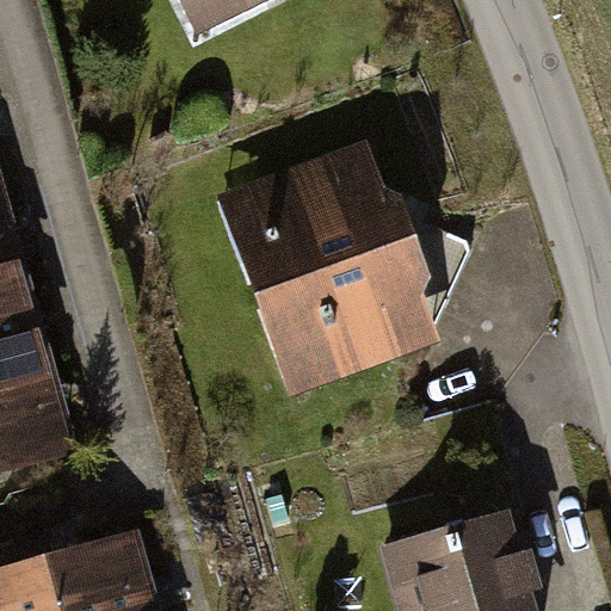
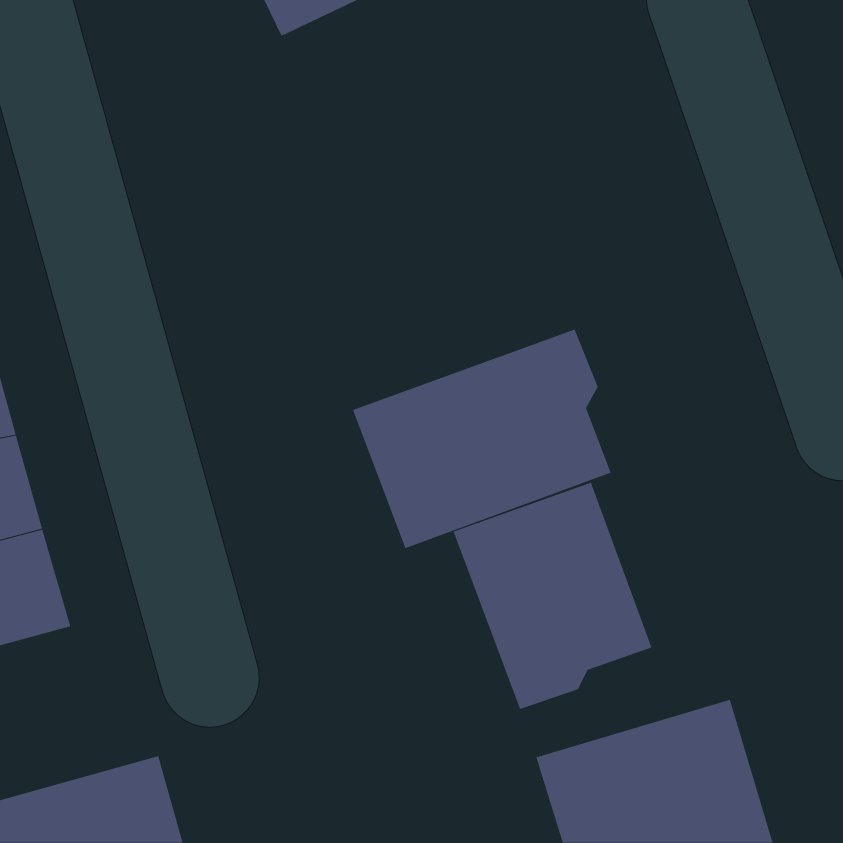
building: [218,143,415,296] -> none
building: none -> [453,482,652,710]

